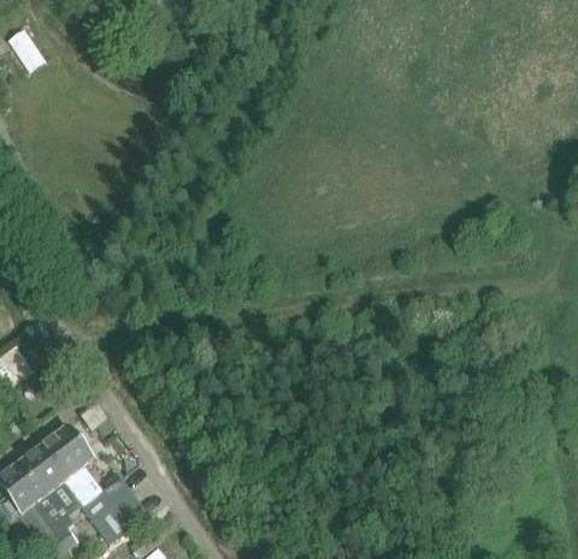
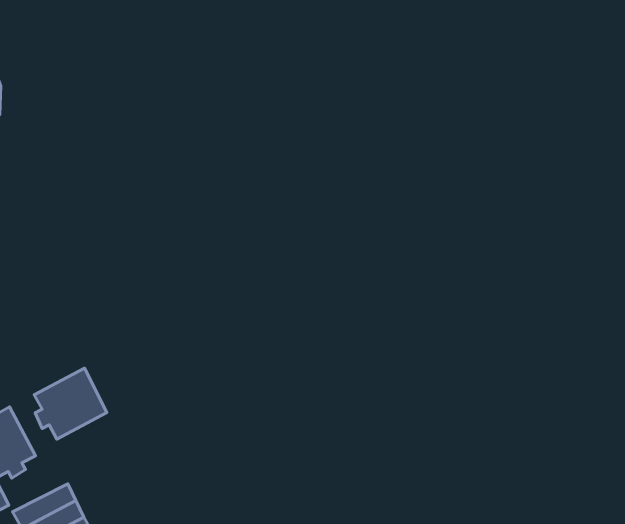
building: none -> [34,368,107,439]

